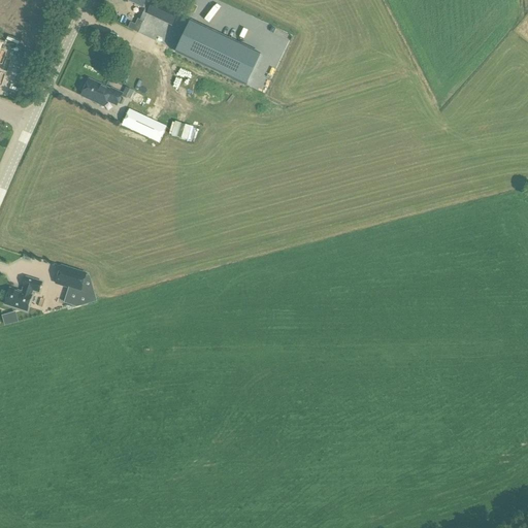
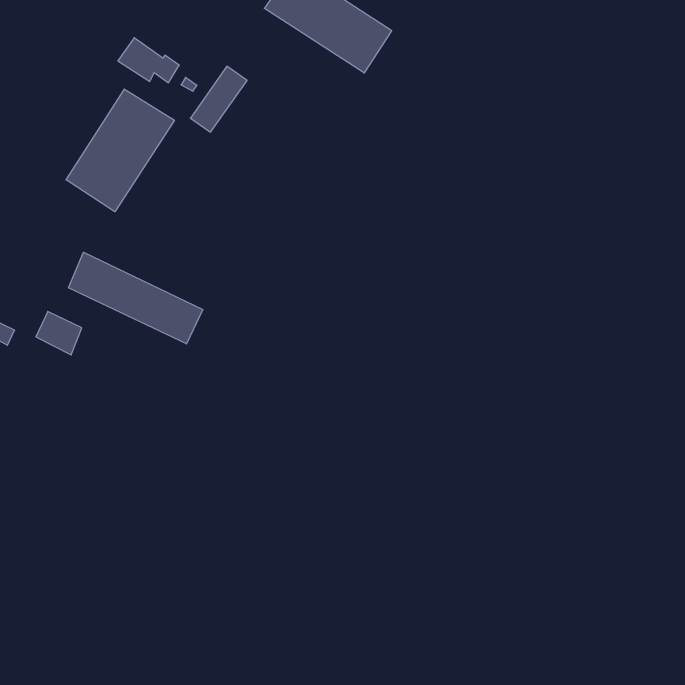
building: none -> [66,89,174,212]
building: none -> [68,252,203,344]

